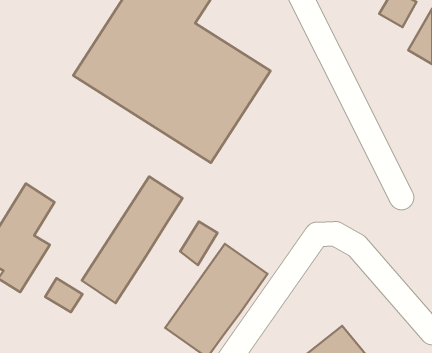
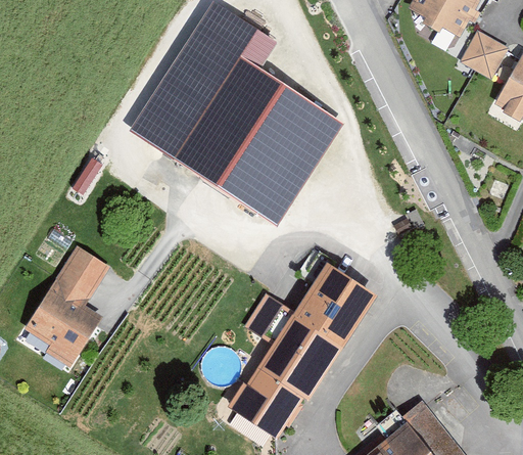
building: [82,177,183,303] -> none
building: none -> [294,264,376,347]
building: [45,278,83,312] -> none

